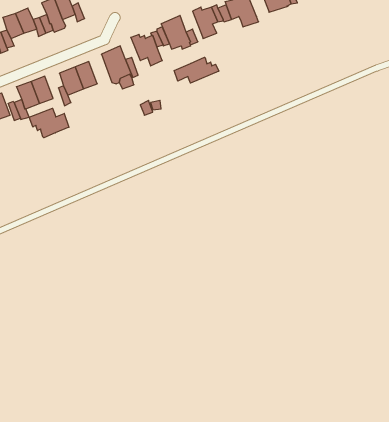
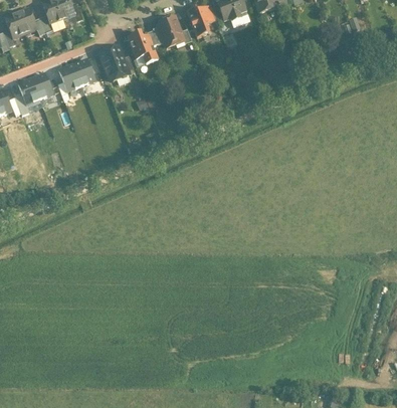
building: [174,57,219,83] -> none
building: [29,108,69,138] -> none

